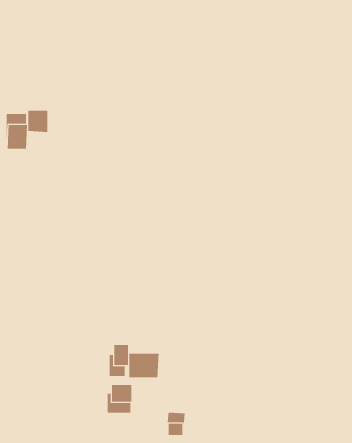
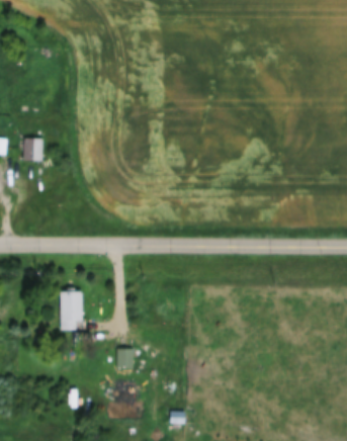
building: [28,110,48,133] -> none
building: none -> [60,287,82,329]
building: [129,353,159,378] -> none

